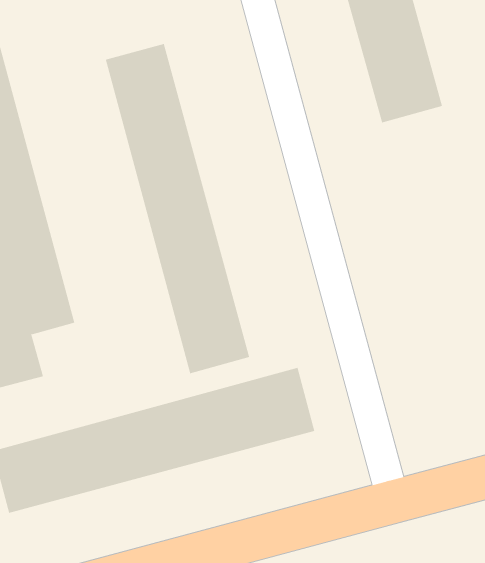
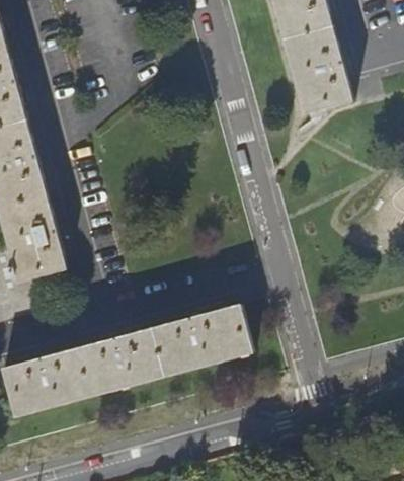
building: [105,43,250,374] -> none

